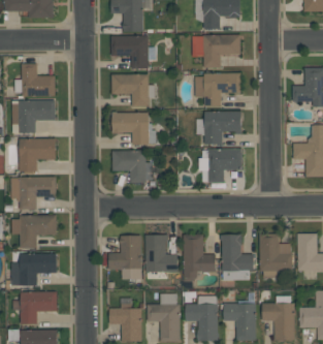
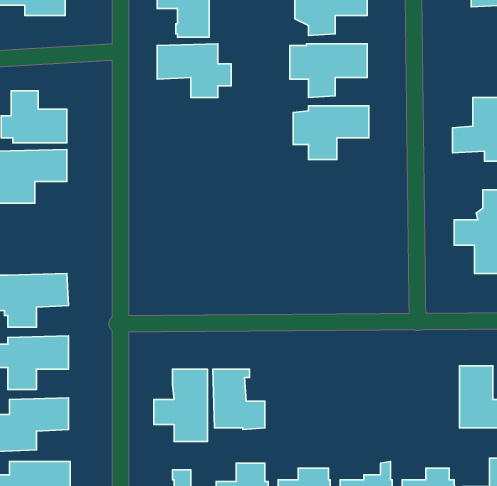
building: [111,74,155,106] -> none
building: [112,112,156,145] -> none
building: [197,112,241,145] -> none
building: [20,138,56,174] -> none
building: [199,149,243,183] -> none
building: [112,151,153,183] -> none
building: [184,234,216,282] -> none
building: [221,234,254,281] -> none
building: [260,234,292,276] -> none

